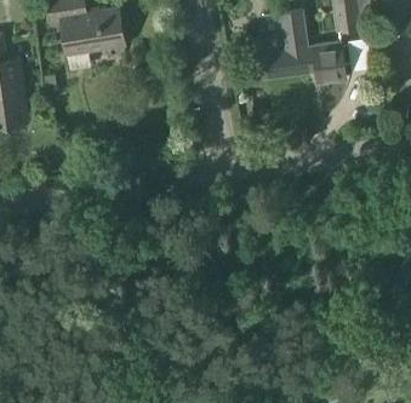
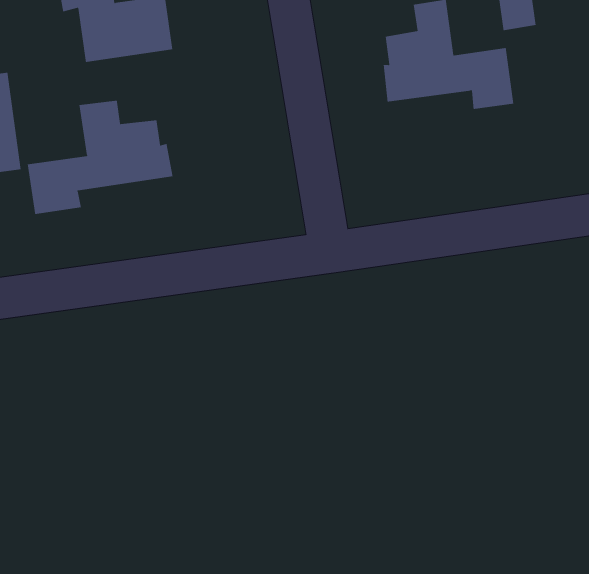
building: none -> [27,100,173,215]

